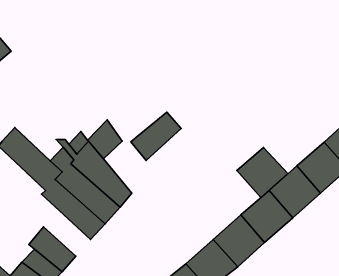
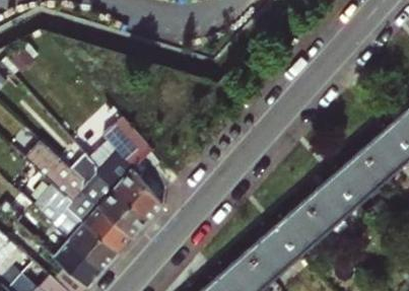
building: [131,112,181,160] -> none
building: [237,148,288,198] -> none
building: none -> [35,183,120,269]

